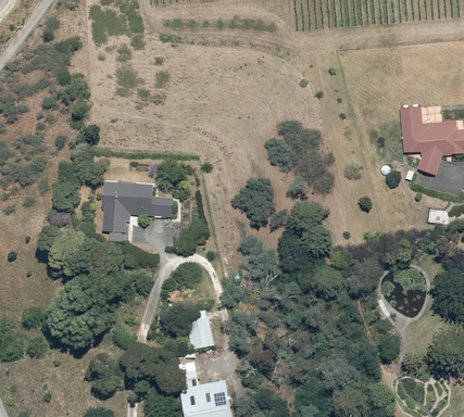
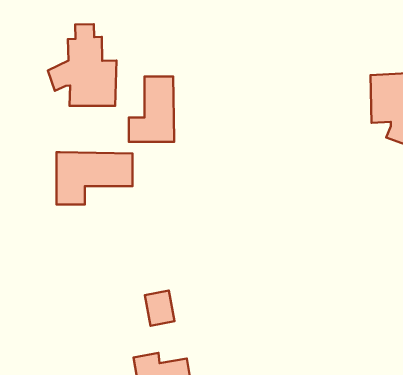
building: none -> [48,24,116,106]
building: none -> [129,76,174,142]

